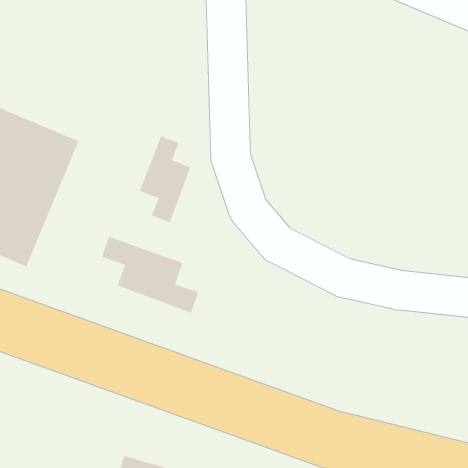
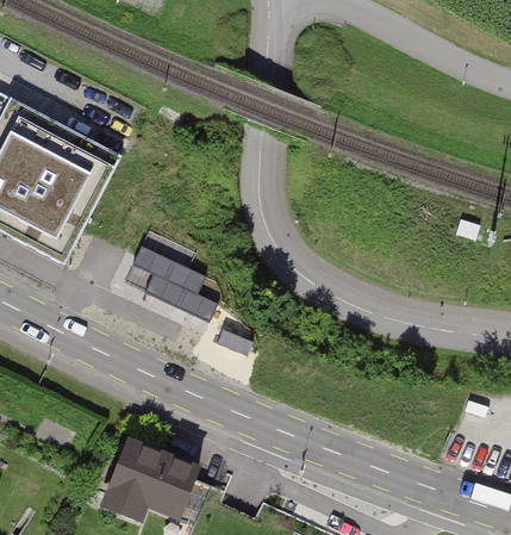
building: [139,136,191,223] -> none

